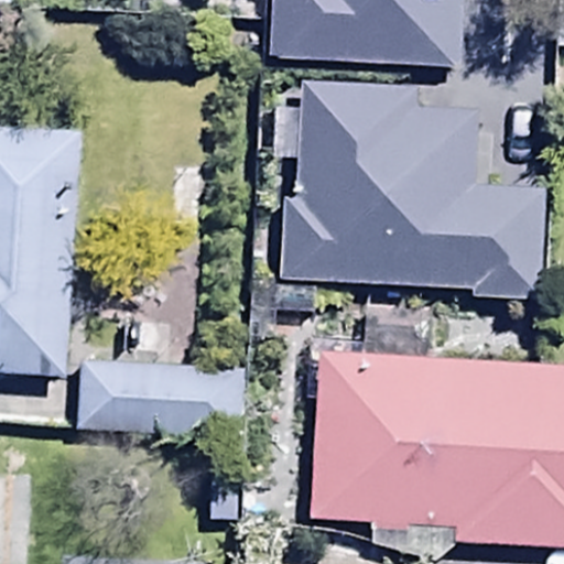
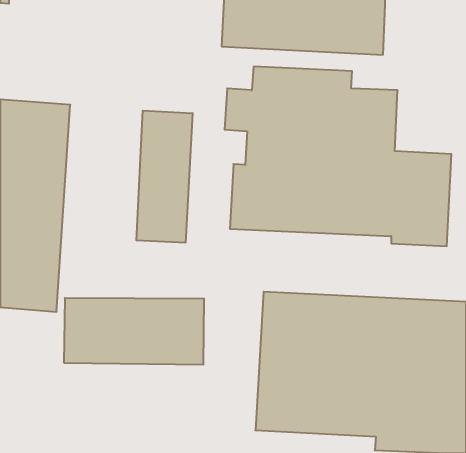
building: none -> [136,111,193,243]

